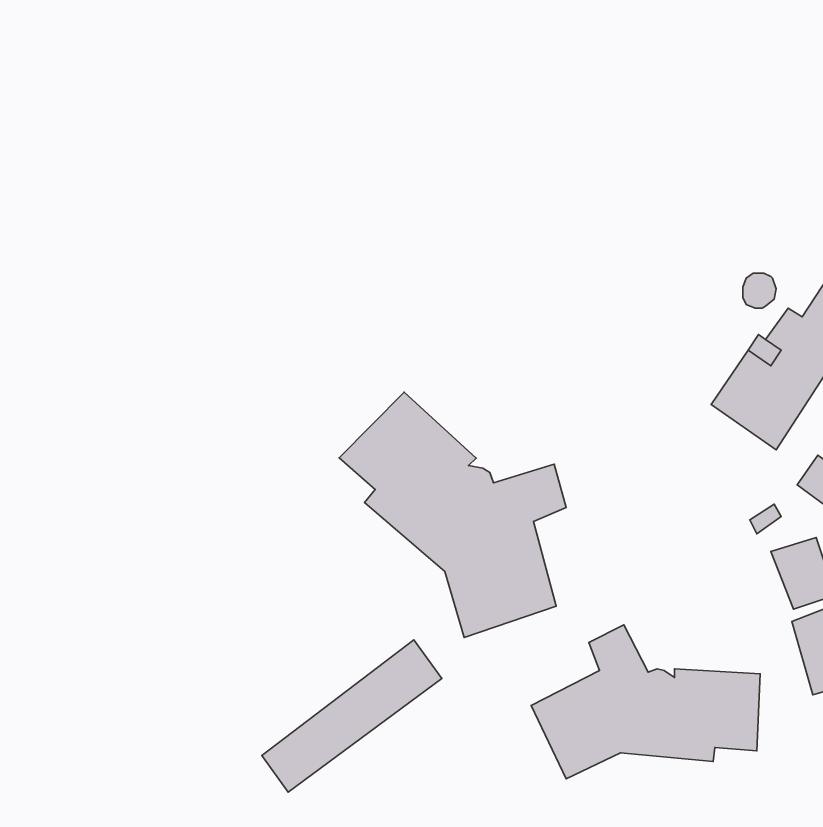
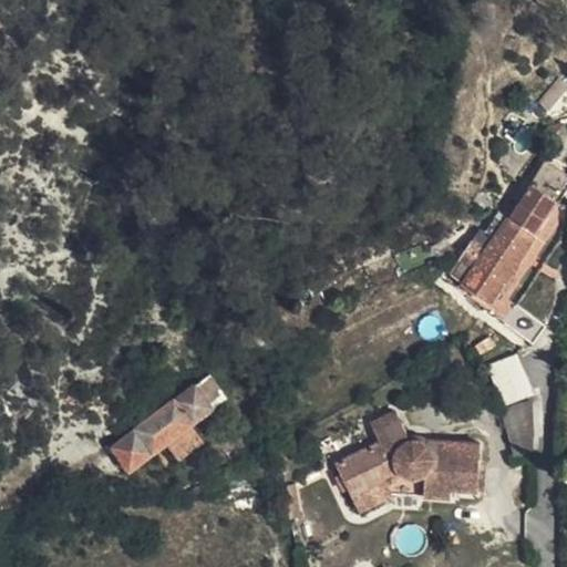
building: [339,392,566,638] -> none
building: [262,640,442,792] -> [114,374,228,471]

